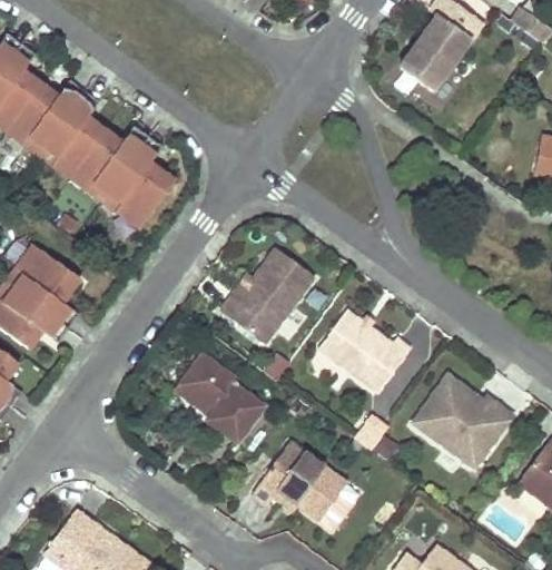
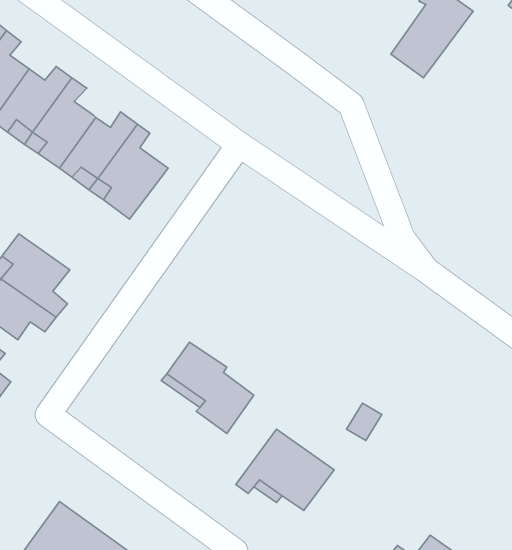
building: [217,248,310,342] -> none
building: [317,314,407,393] -> none
building: [413,380,509,468] -> none

